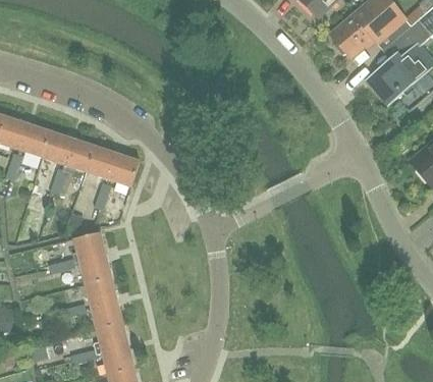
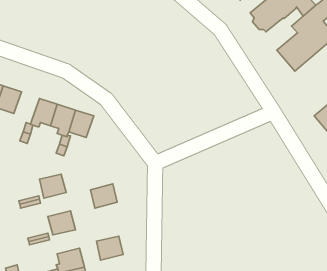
building: [42,130,73,164] -> none
building: [78,254,111,283] -> [91,184,117,208]
building: [90,299,122,329] -> [96,236,123,260]

